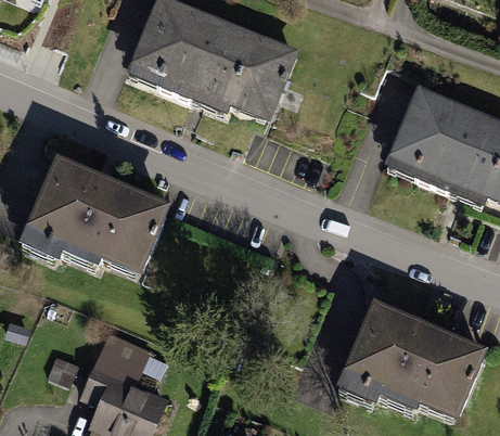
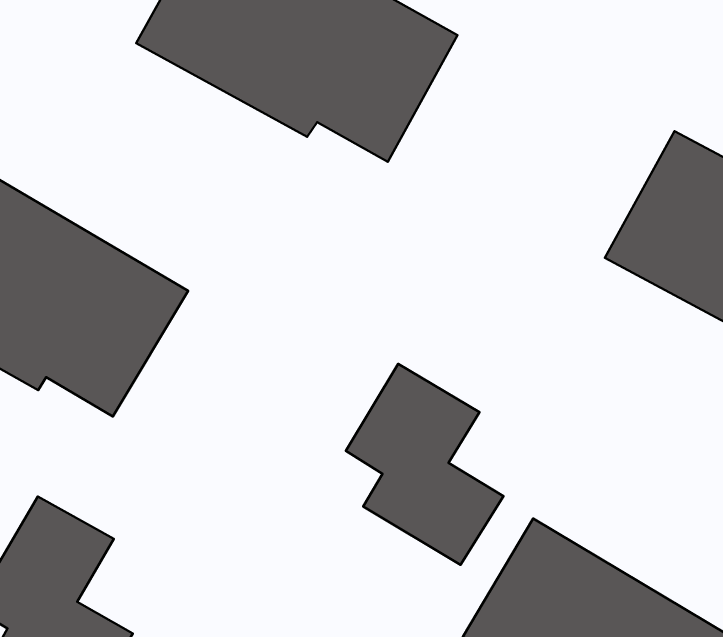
building: none -> [346,364,503,565]

